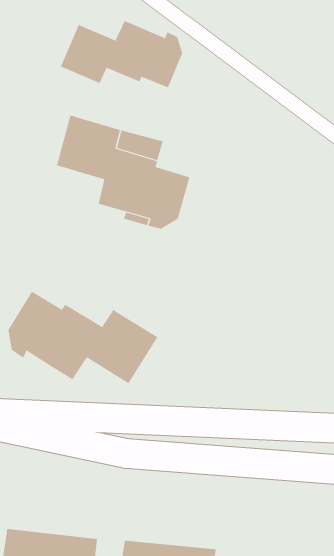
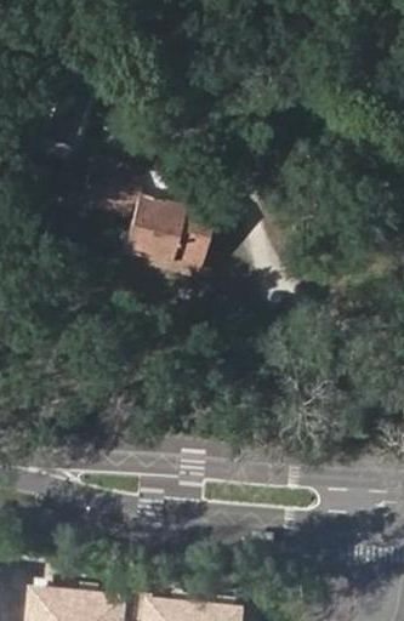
building: [60,20,183,88] -> none
building: [8,291,158,384] -> none

